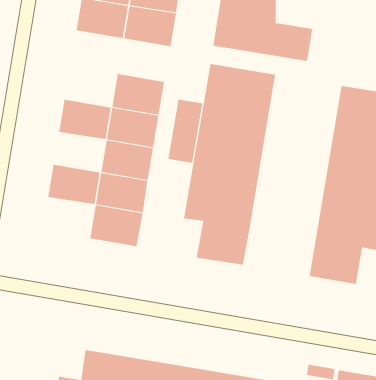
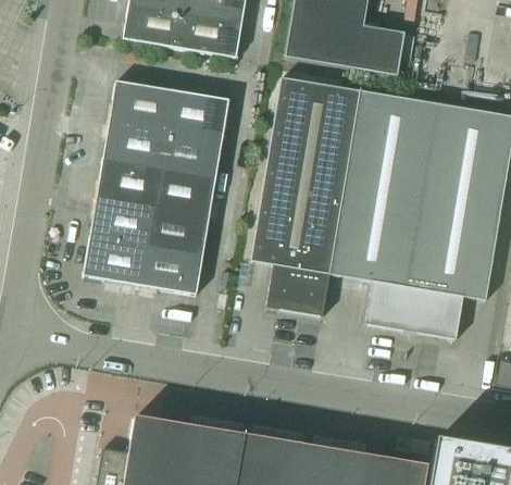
building: none -> [110,80,173,129]
building: none -> [331,90,438,329]
building: [168,99,203,164] -> none
building: none -> [97,159,160,207]
building: none -> [84,236,147,285]

